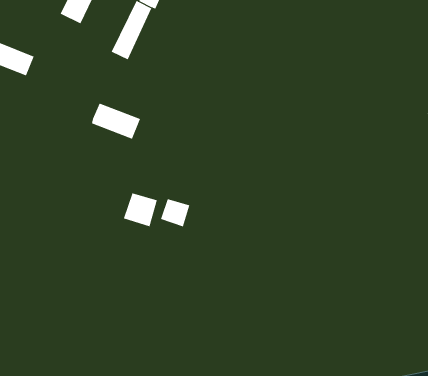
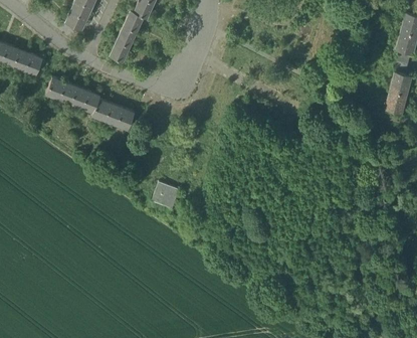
building: none -> [46,77,99,113]
building: [123,192,157,227] -> none

